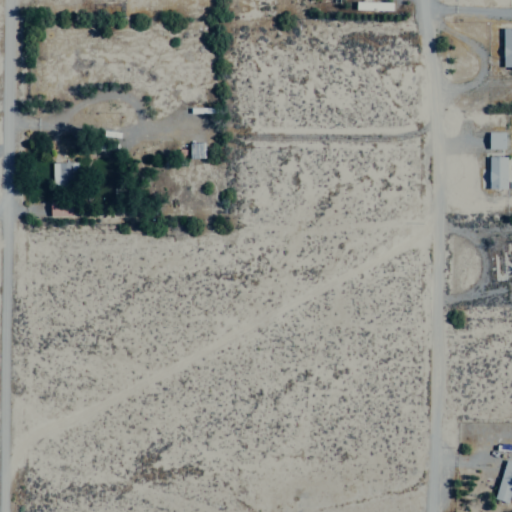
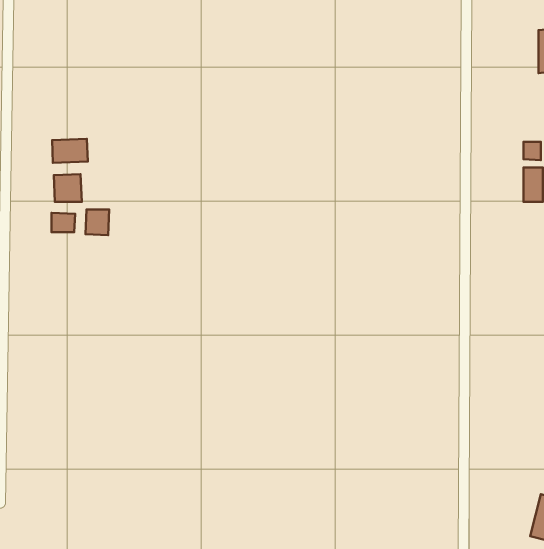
building: none -> [52,139,88,163]
building: none -> [85,210,109,235]

